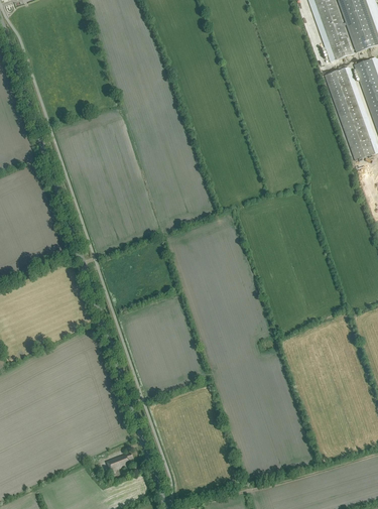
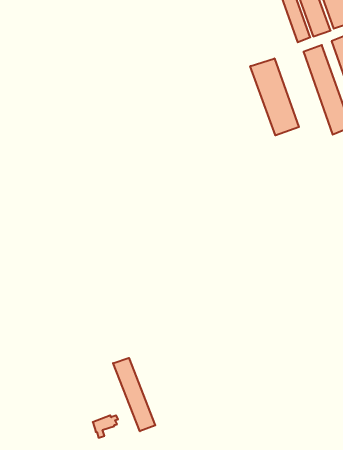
building: none -> [250,58,299,135]
building: none -> [113,358,155,431]

